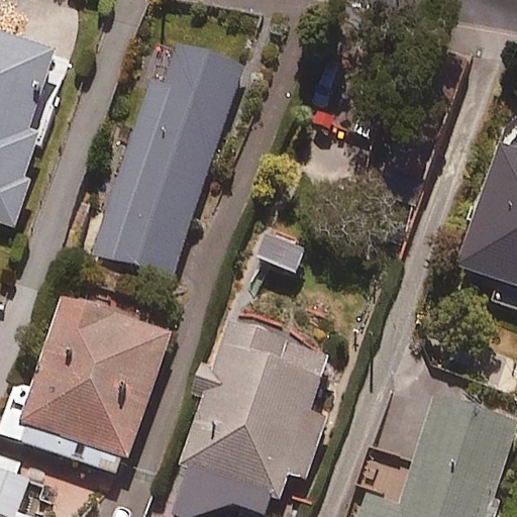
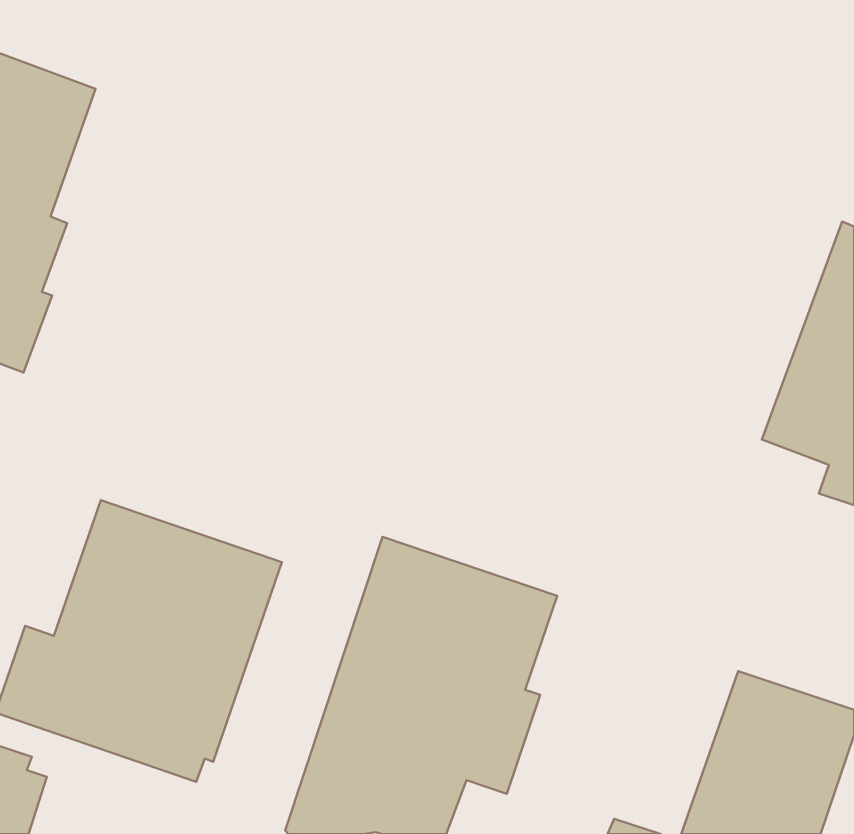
building: [91,43,243,272] -> none

